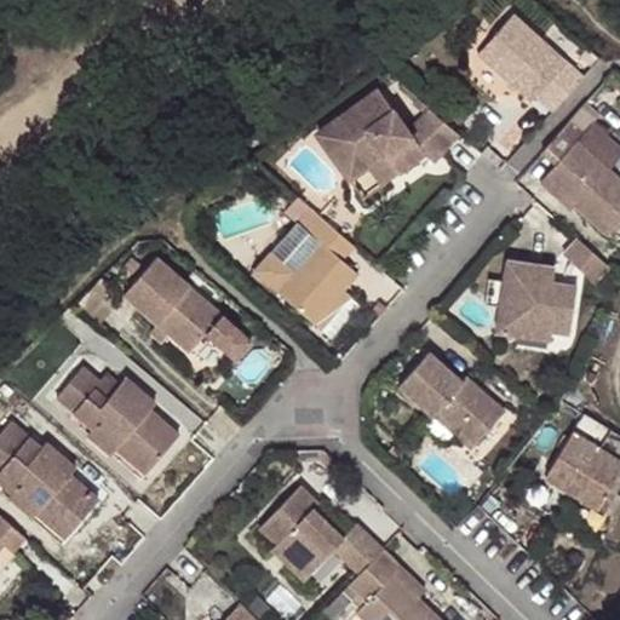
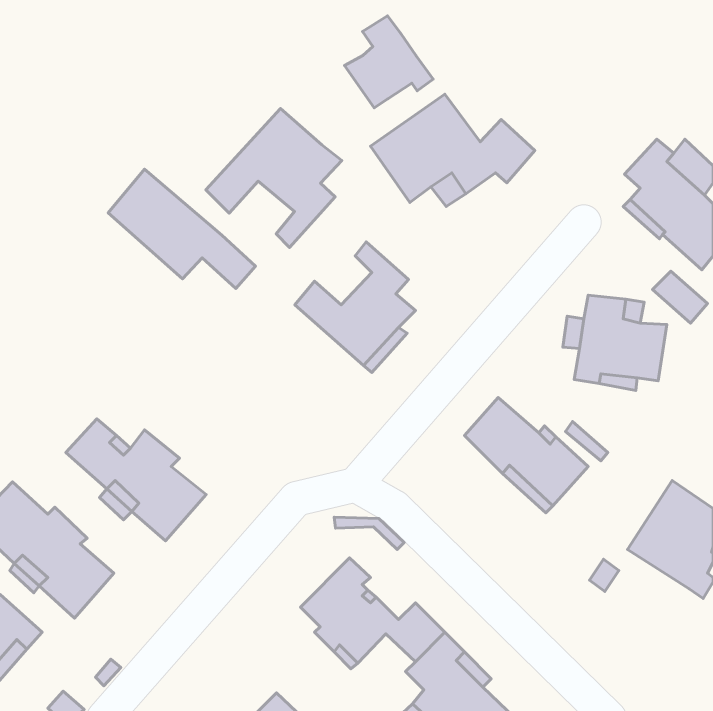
building: [477,18,581,115] -> none
building: none -> [344,16,433,108]
building: none -> [206,109,342,248]
building: [125,257,252,360] -> [108,169,255,289]

